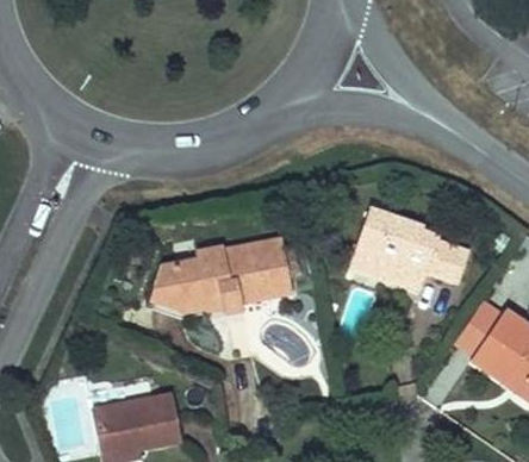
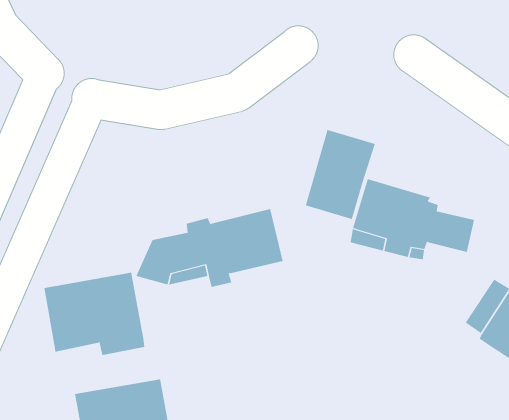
building: none -> [305,129,375,220]
building: none -> [44,272,145,356]

